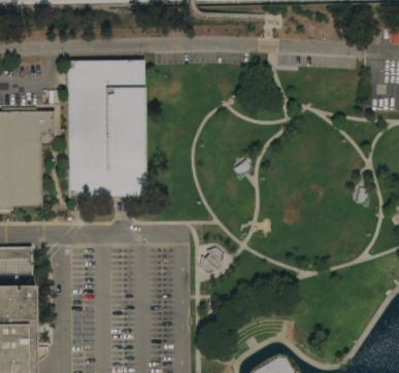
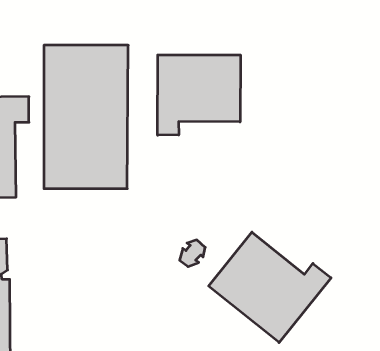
building: none -> [158,55,240,135]
building: none -> [209,232,331,343]

